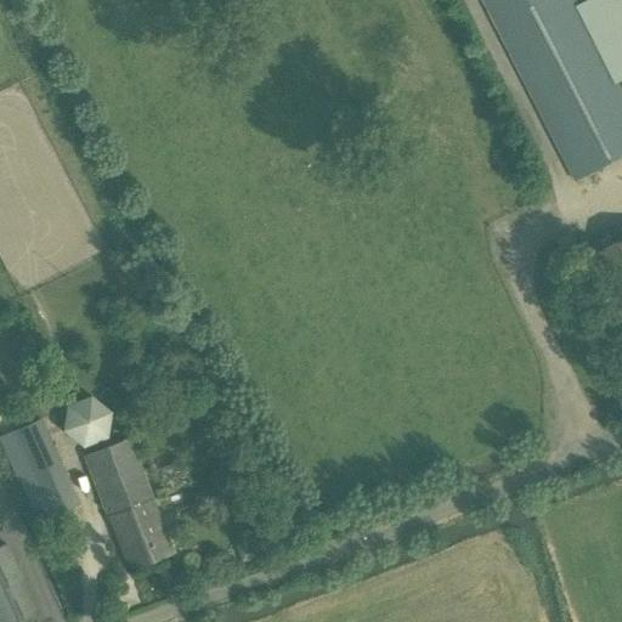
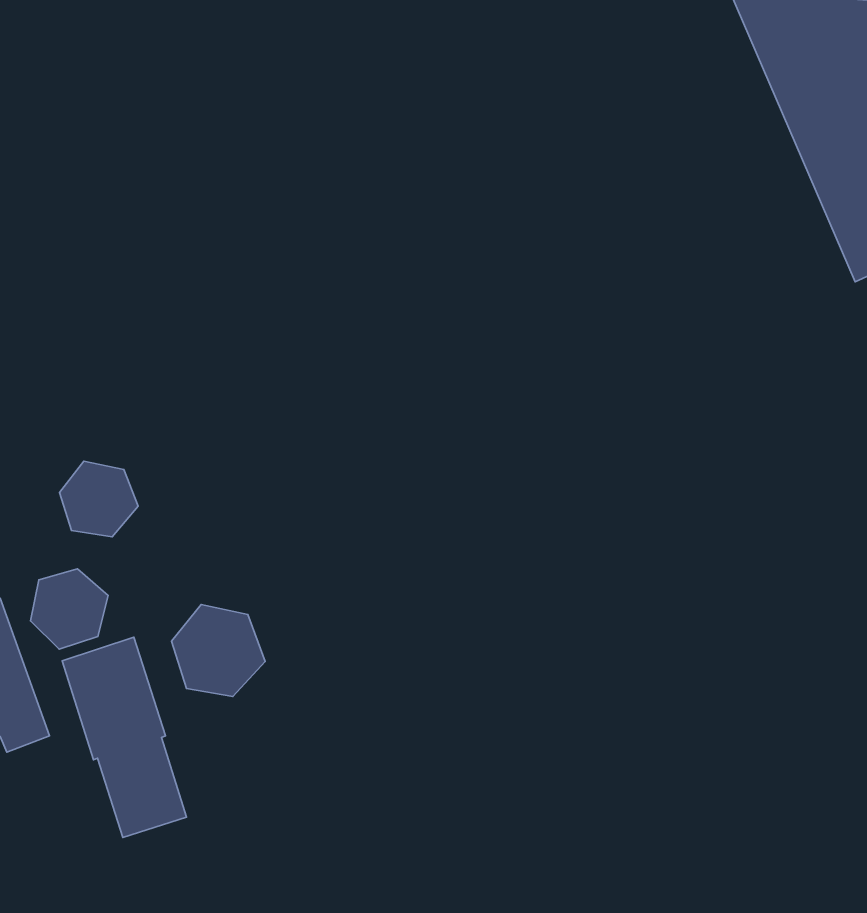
building: none -> [60,461,138,537]
building: none -> [172,604,265,696]

